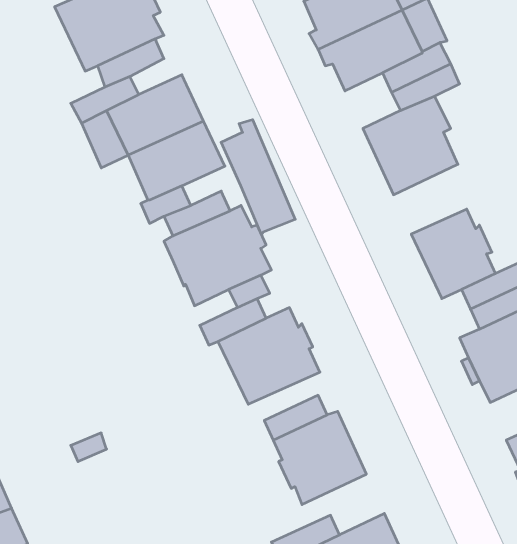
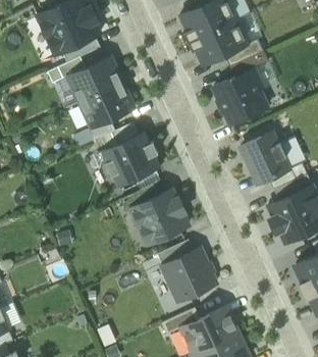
building: [221,120,295,235] -> none

